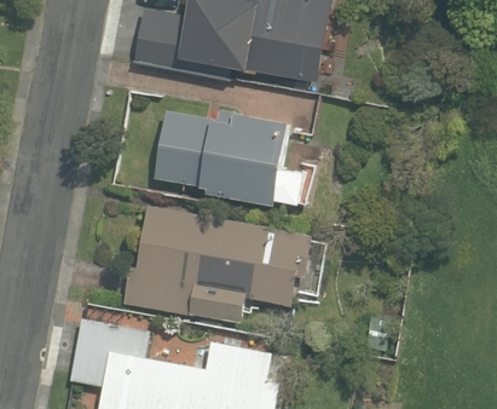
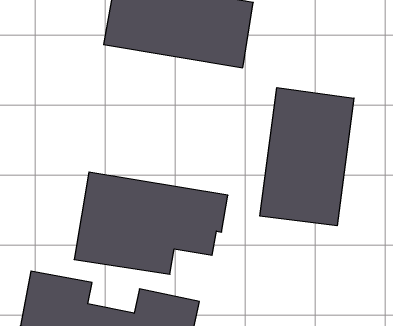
building: [150,104,296,201] -> none
building: none -> [260,88,354,226]

